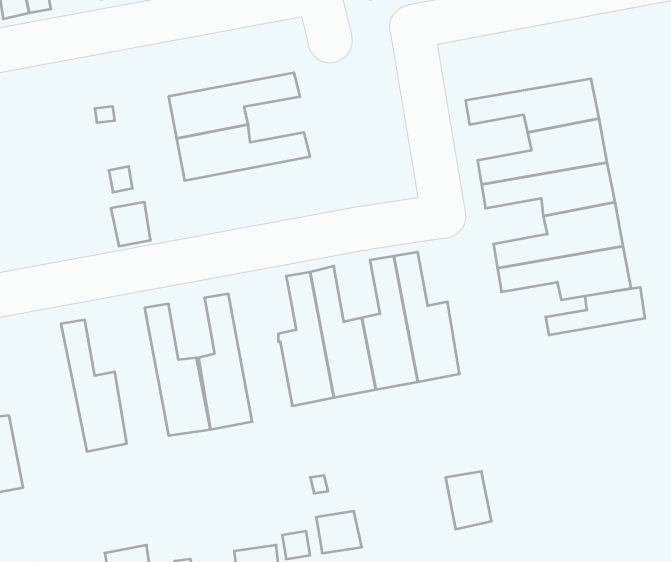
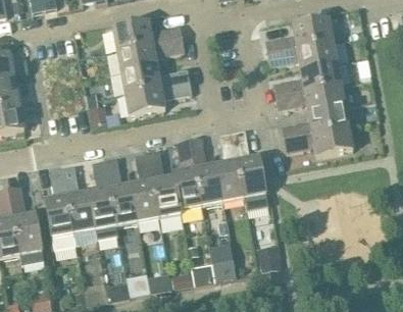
building: none -> [265,19,333,53]
building: none -> [112,22,181,50]
building: none -> [124,82,191,115]
building: [546,287,645,335] -> none
building: none -> [147,150,181,217]
building: none -> [89,159,118,239]
building: none -> [45,167,75,250]
building: none -> [210,251,236,281]

